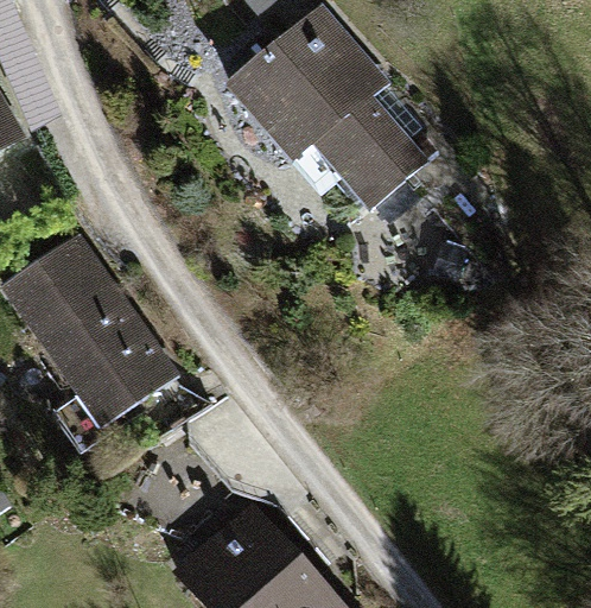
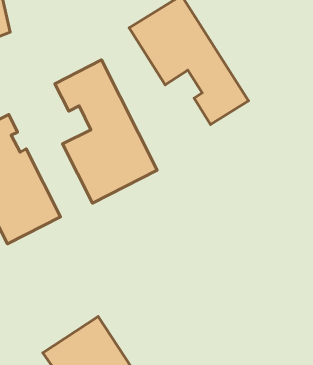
building: none -> [55,60,157,203]

